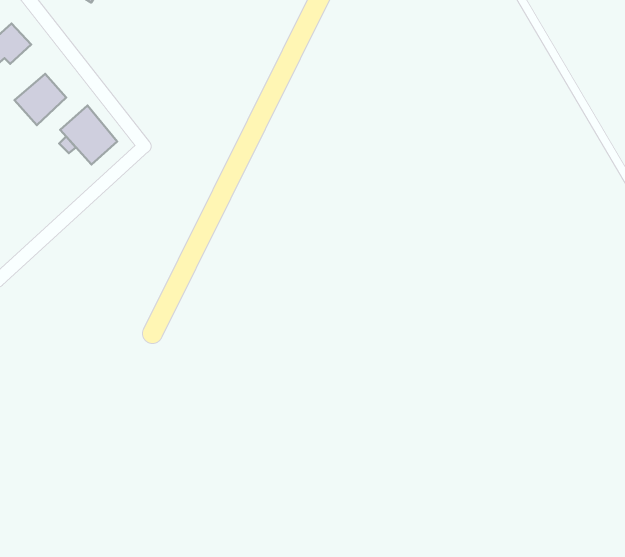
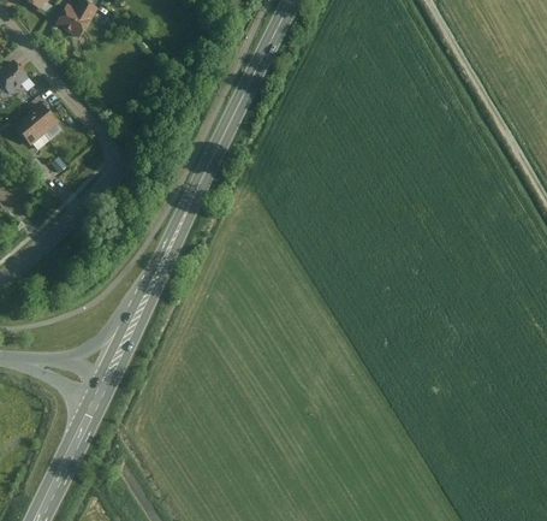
building: [60,106,117,164] -> none

